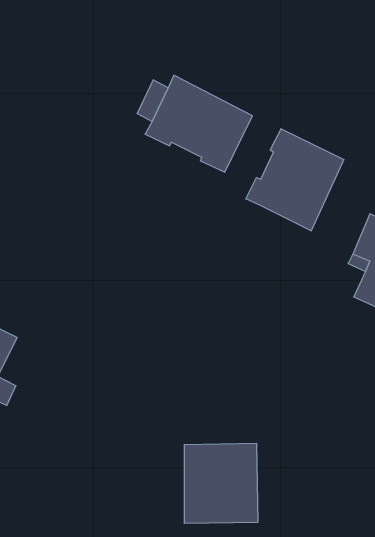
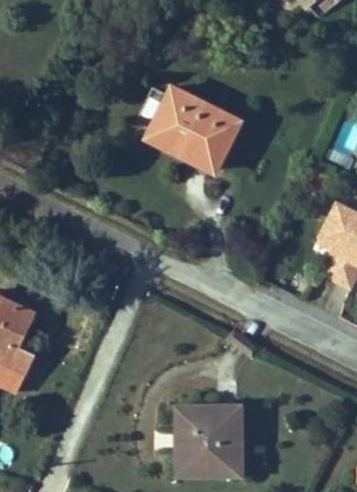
building: [246,129,344,231] -> none

